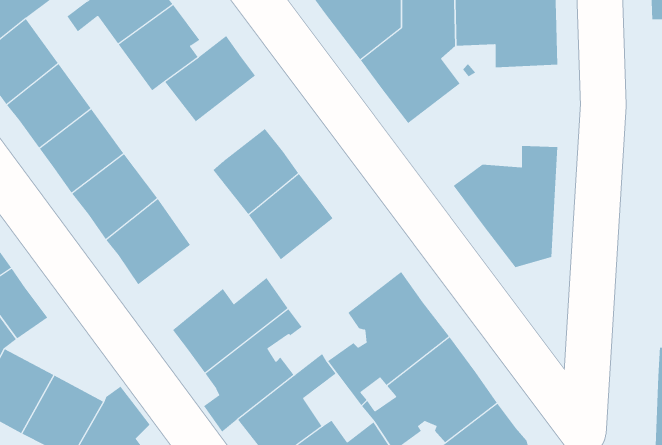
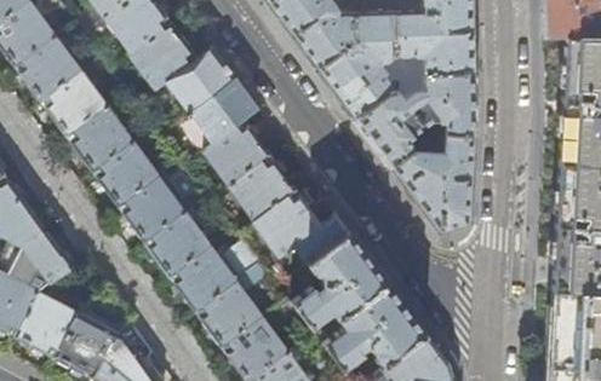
building: none -> [355,71,473,166]
building: none -> [189,80,258,146]
building: none -> [242,191,350,287]
building: none -> [144,212,211,278]

